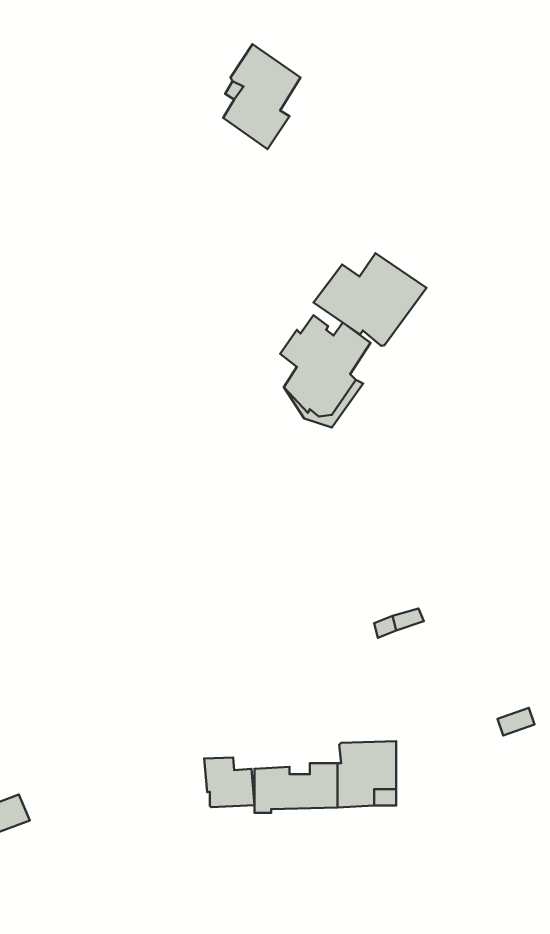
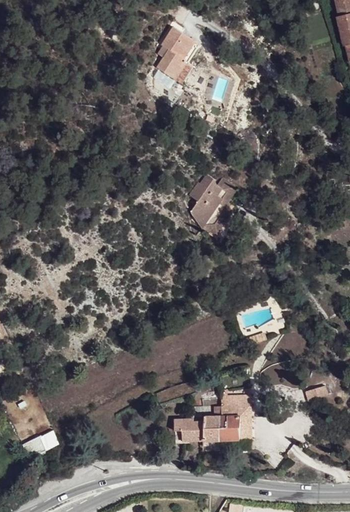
building: [313,253,426,346] -> none
building: [204,758,254,807] -> none

